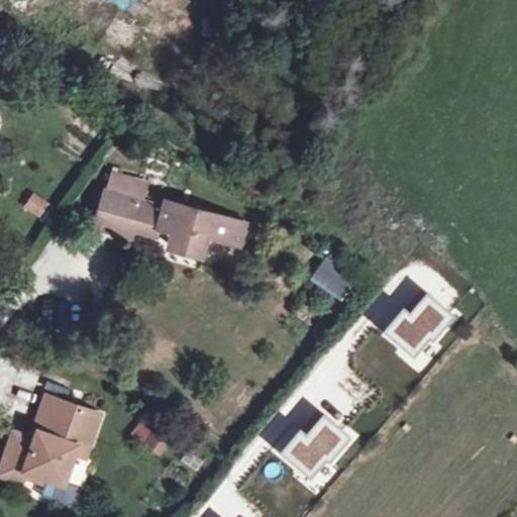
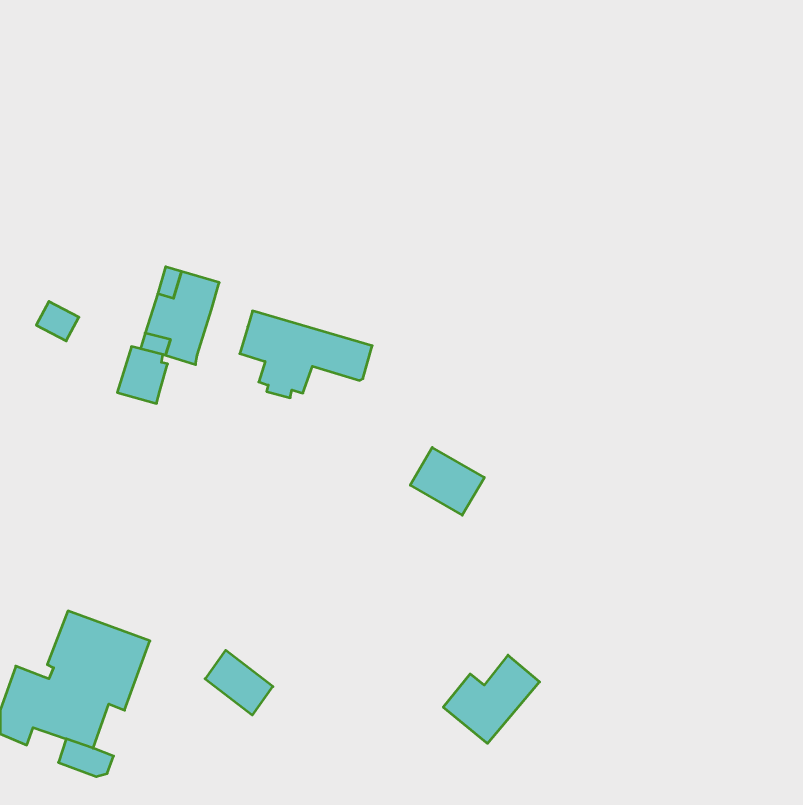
building: [128,199,161,235] -> [117,347,168,403]
building: [311,258,358,302] -> [410,447,484,515]
building: [388,297,456,359] -> none

